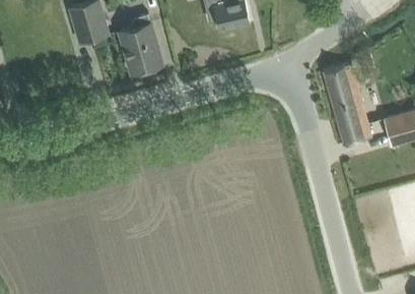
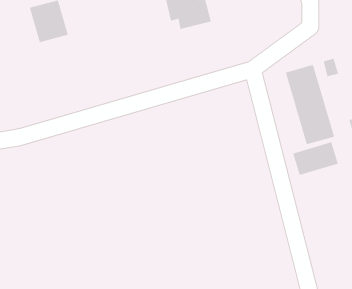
building: [119,14,162,73] -> none
building: none -> [292,141,339,176]

